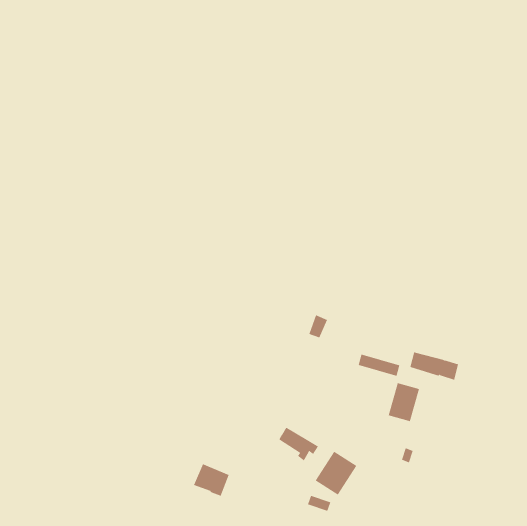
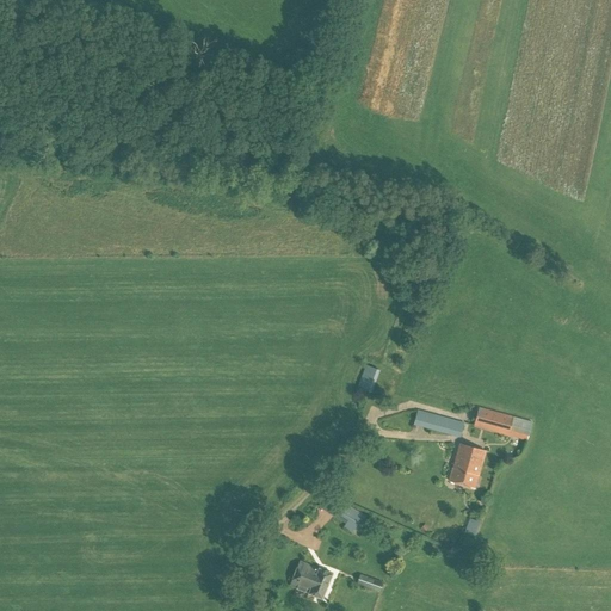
building: [315,451,357,496] -> none
building: [193,463,229,496] -> [290,560,332,598]

